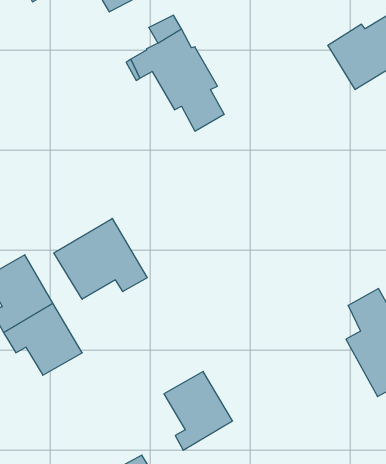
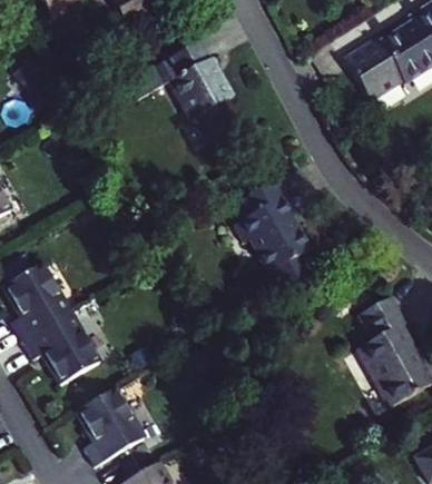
building: none -> [233,180,315,295]
building: [54,218,147,299] -> none
building: [164,371,233,450] -> [76,387,144,465]

